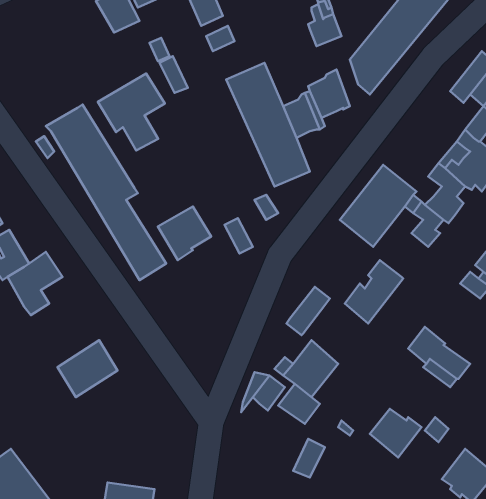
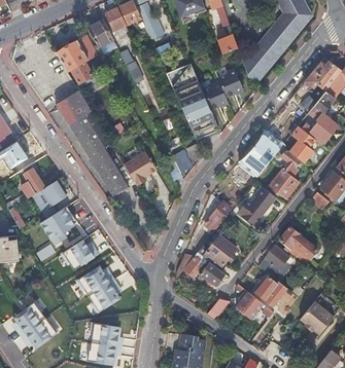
building: [98,74,165,150] -> [56,35,97,82]
building: none -> [270,169,299,197]
building: none -> [40,207,77,245]
building: none -> [258,246,289,281]
building: none -> [77,264,123,312]
building: none -> [236,292,263,320]

